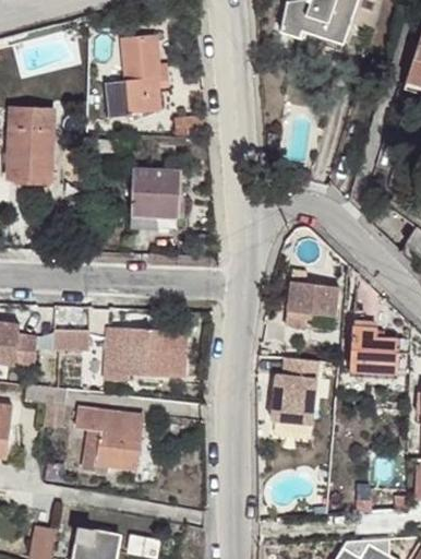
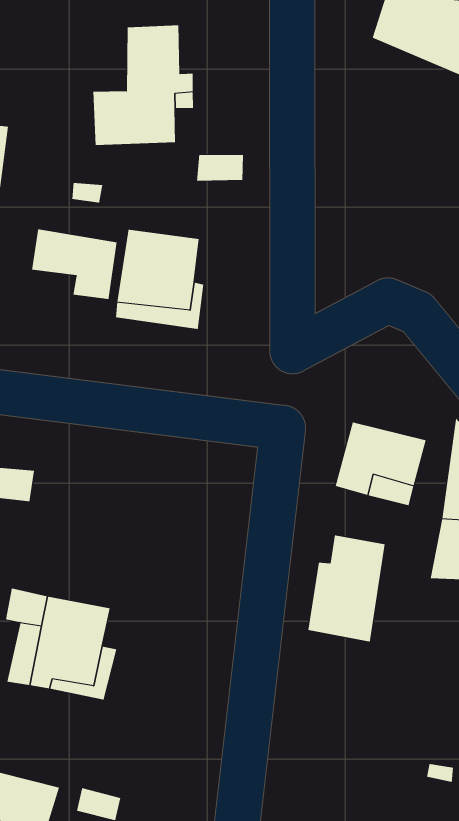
building: none -> [32,229,117,300]
building: [104,324,184,377] -> none

